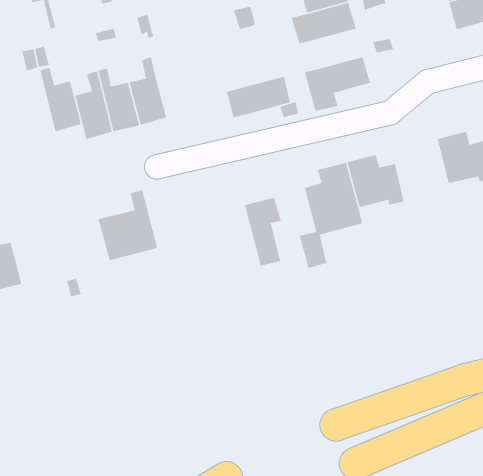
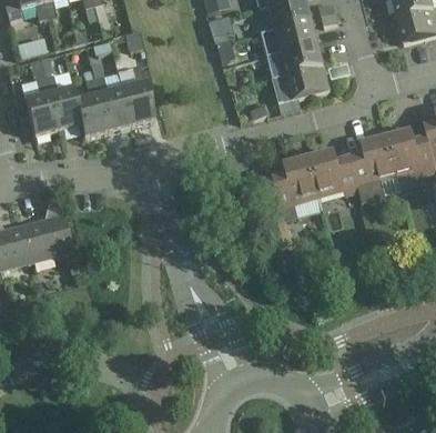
building: none -> [24,75,58,134]
building: [226,76,291,118] -> [267,40,323,77]
building: none -> [351,134,396,200]
building: [98,189,158,261] -> [20,198,72,260]
building: [244,198,282,266] -> none

